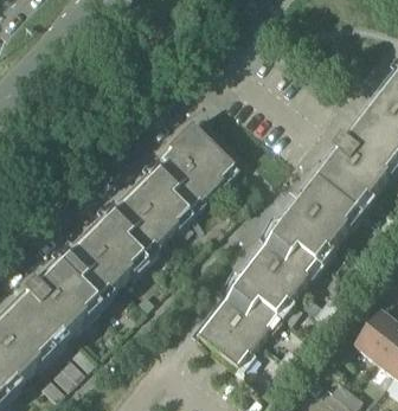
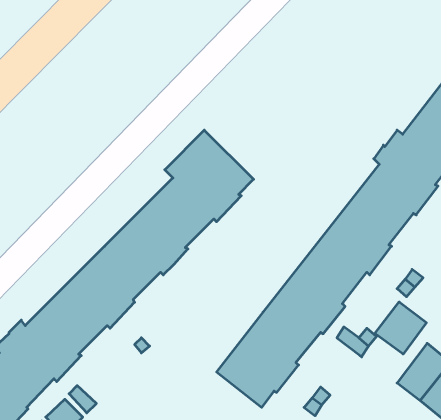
building: none -> [375,302,426,354]

